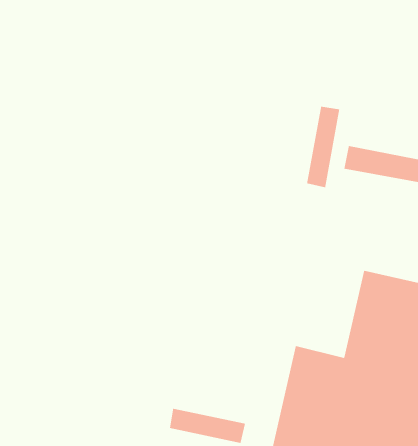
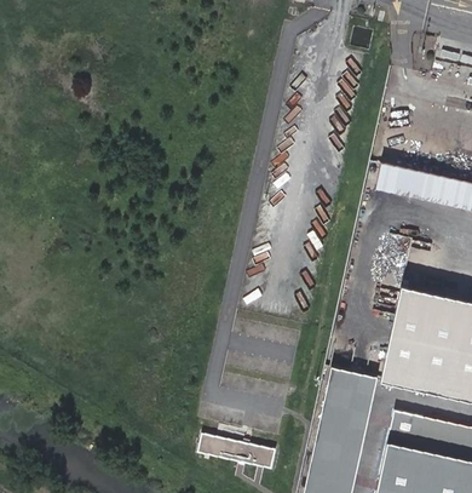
building: [307,106,340,188] -> none

